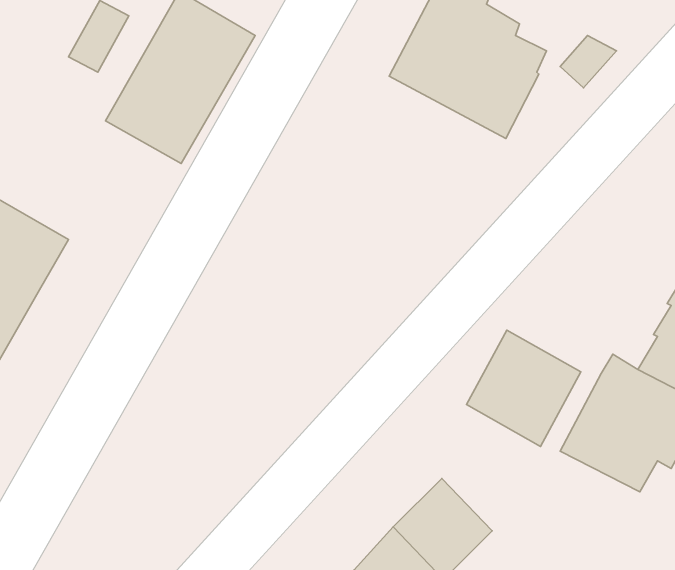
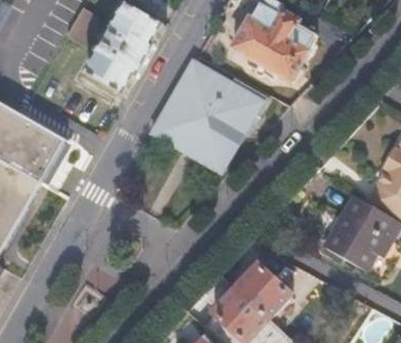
building: none -> [152,60,264,170]
building: [466,330,581,446] -> none

